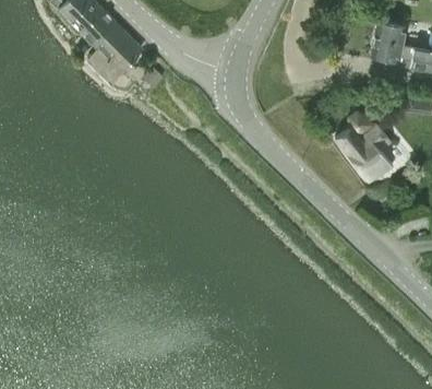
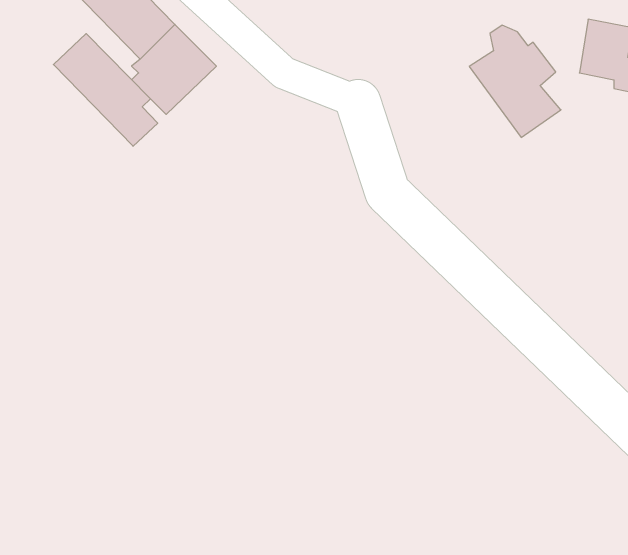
building: none -> [53,34,158,146]
building: [336,113,394,184] -> [469,25,561,137]

